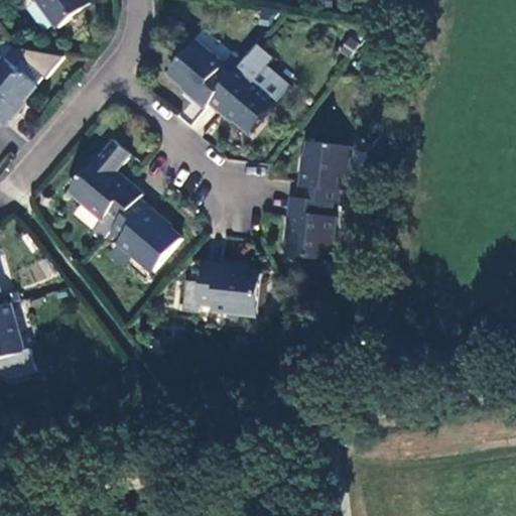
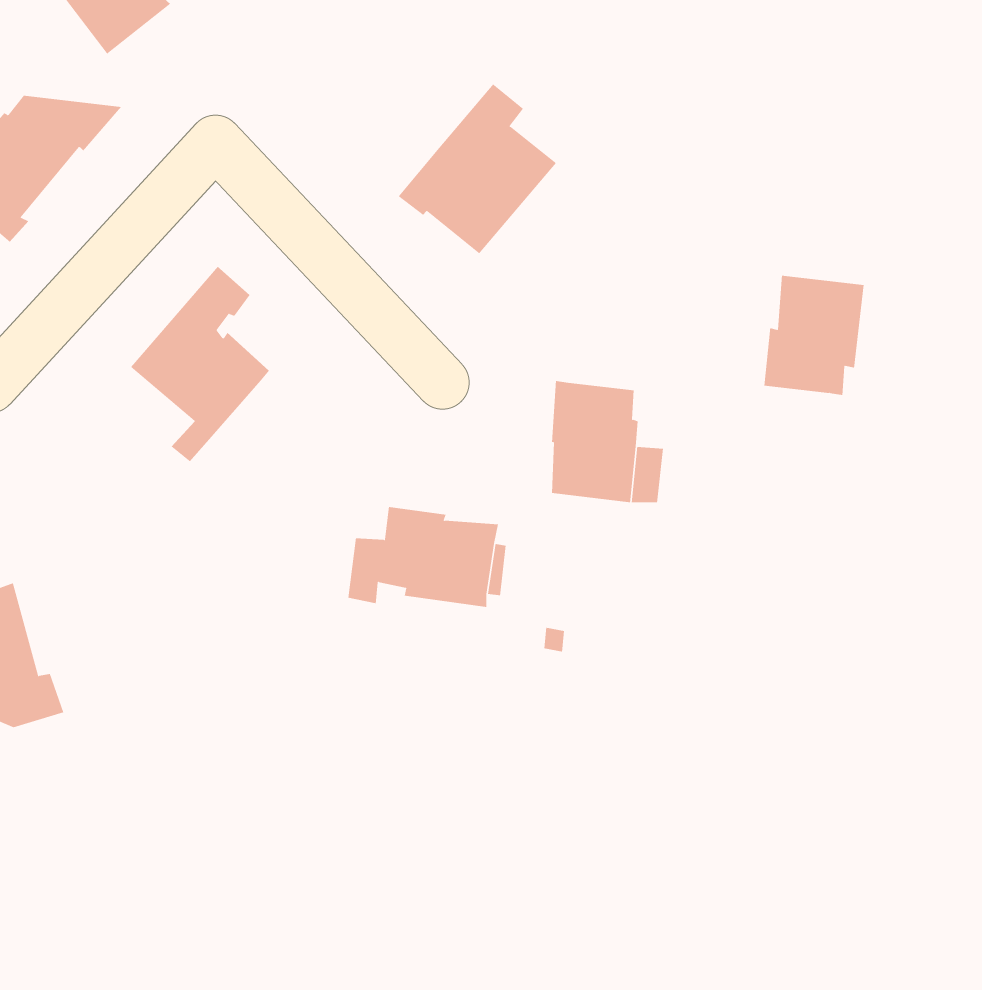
building: [166,40,228,108] -> none
building: [295,141,348,204] -> [764,275,865,395]
building: [108,198,177,271] -> none

